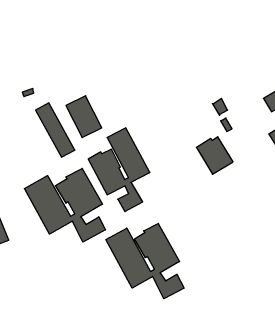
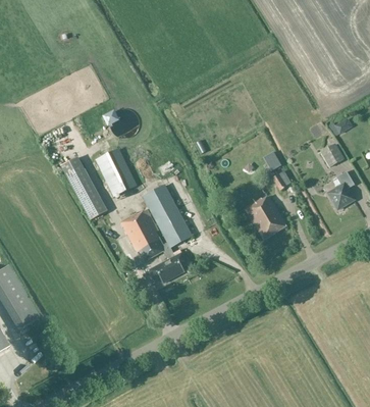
building: [24,168,105,242] -> none
building: [106,223,184,299] -> none

